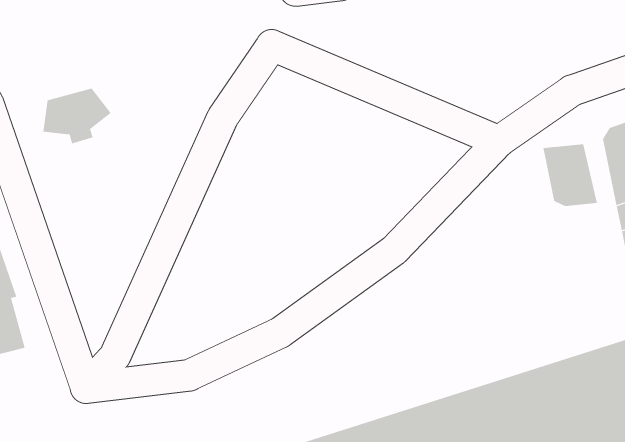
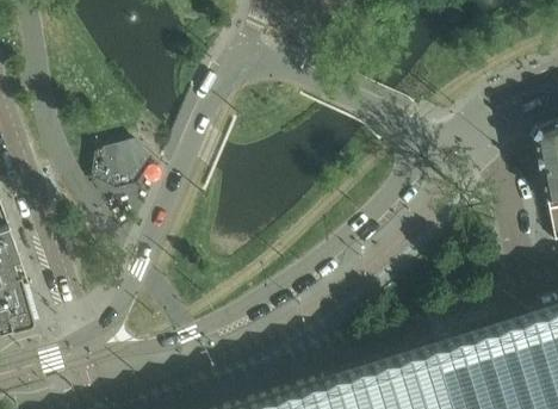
building: [43,88,111,144] -> [92,143,151,192]
building: [543,143,598,207] -> none

